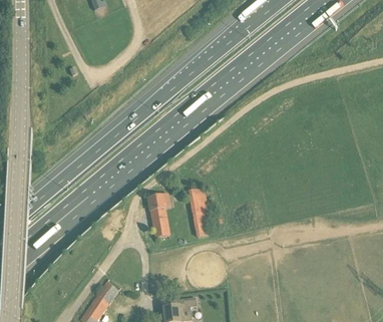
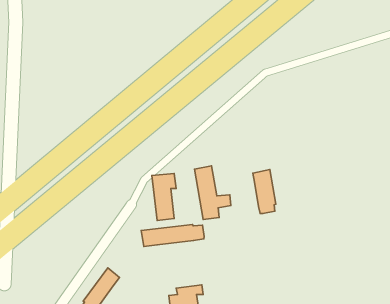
building: none -> [253,170,276,214]
building: none -> [141,224,204,246]

